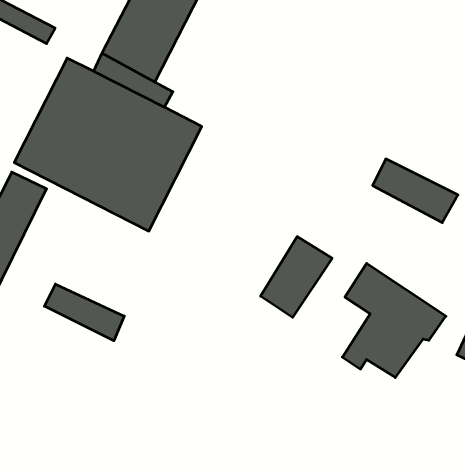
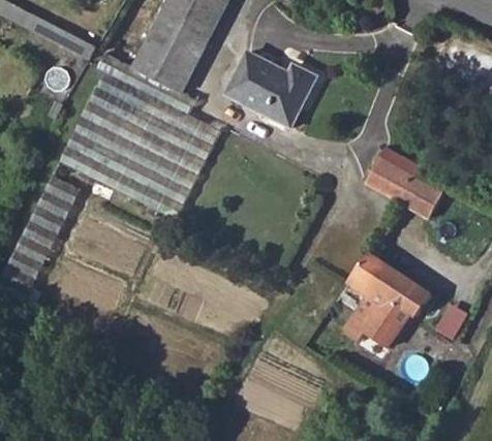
building: none -> [225,53,315,126]
building: [261,237,332,317] -> none
building: [44,284,124,341] -> none

